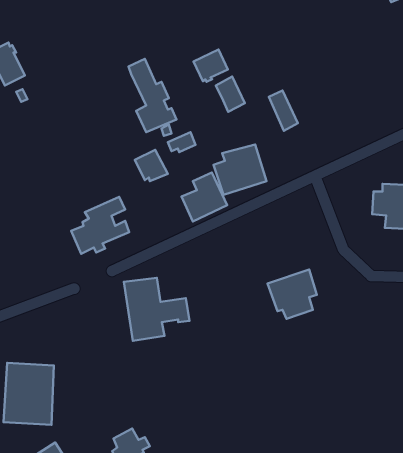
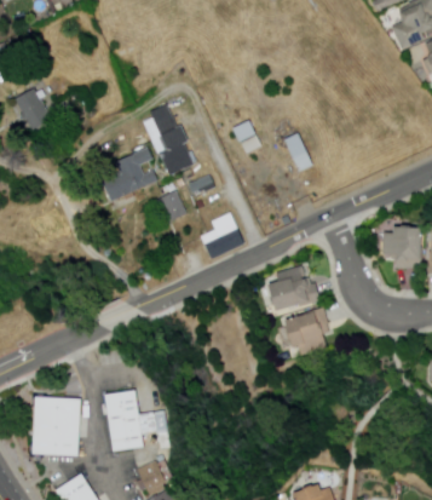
building: [194,50,228,82] -> none
building: [213,145,266,195] -> [269,263,319,311]
building: [71,197,129,254] -> [100,148,156,202]
building: [124,278,190,341] -> [103,390,166,450]

